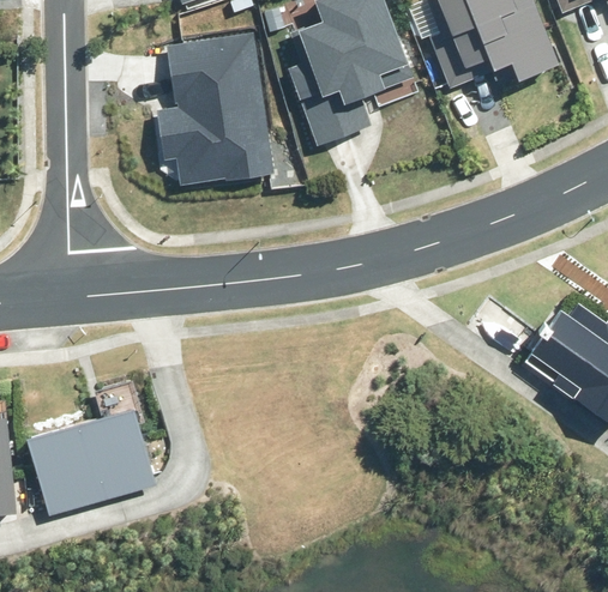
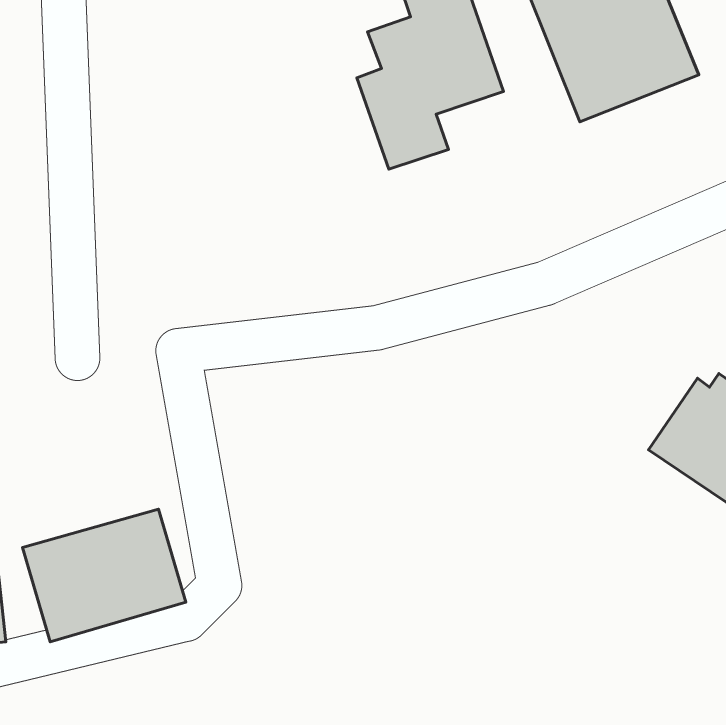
building: [157,31,272,183] -> none

